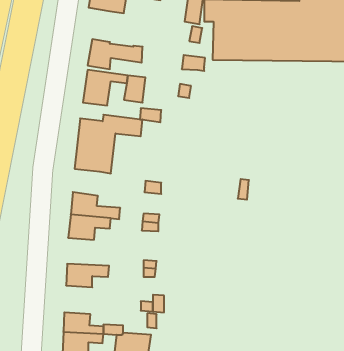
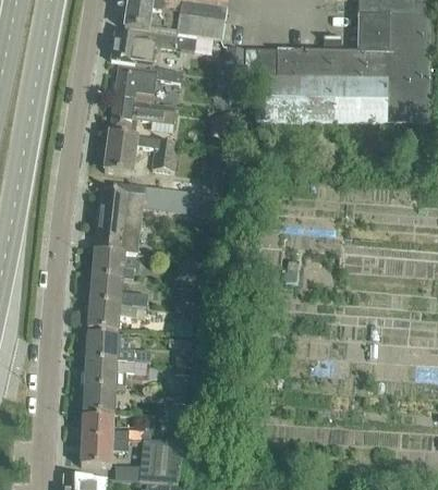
building: none -> [114,64,186,98]
building: none -> [92,247,133,278]
building: none -> [85,331,150,359]
building: none -> [83,382,114,412]

